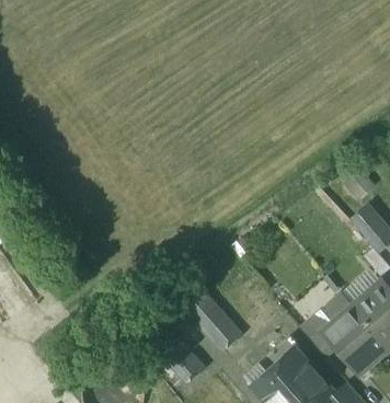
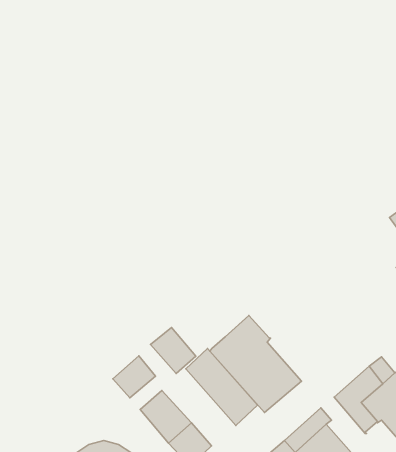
building: none -> [210,316,301,412]
building: none -> [151,328,196,374]
building: none -> [113,356,155,398]

